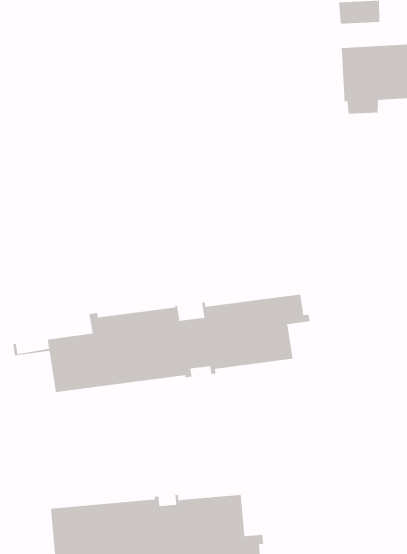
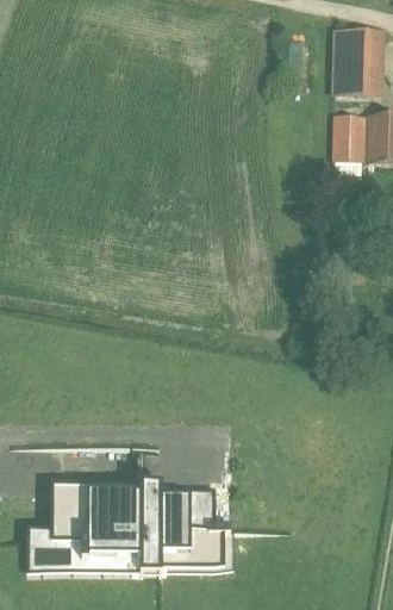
building: [13,294,310,393] -> none

